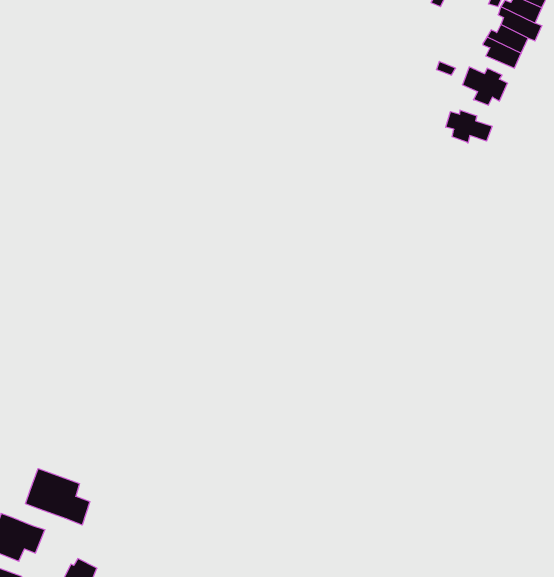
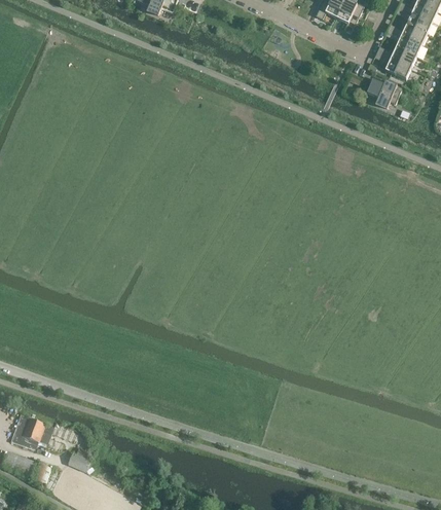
building: [446,110,492,143] -> none
building: [25,469,90,525] -> none

